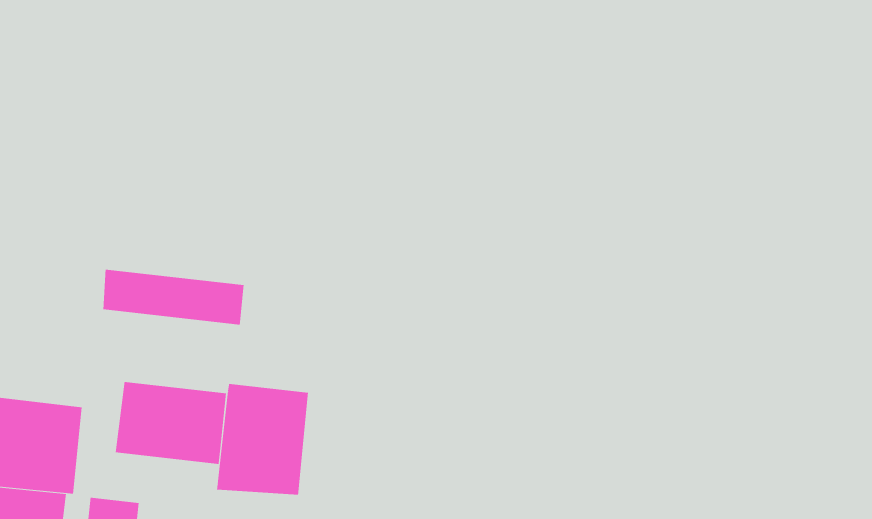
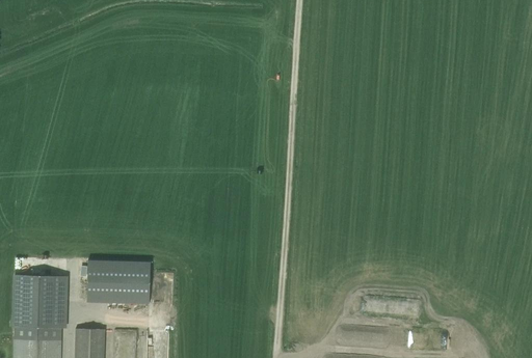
building: [103,269,244,325] -> none
building: [217,383,309,495] -> none

